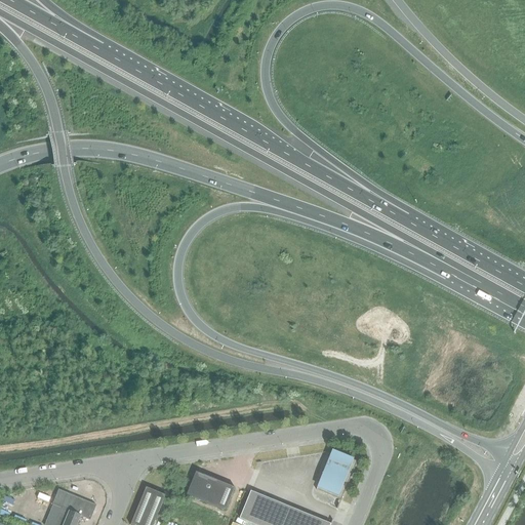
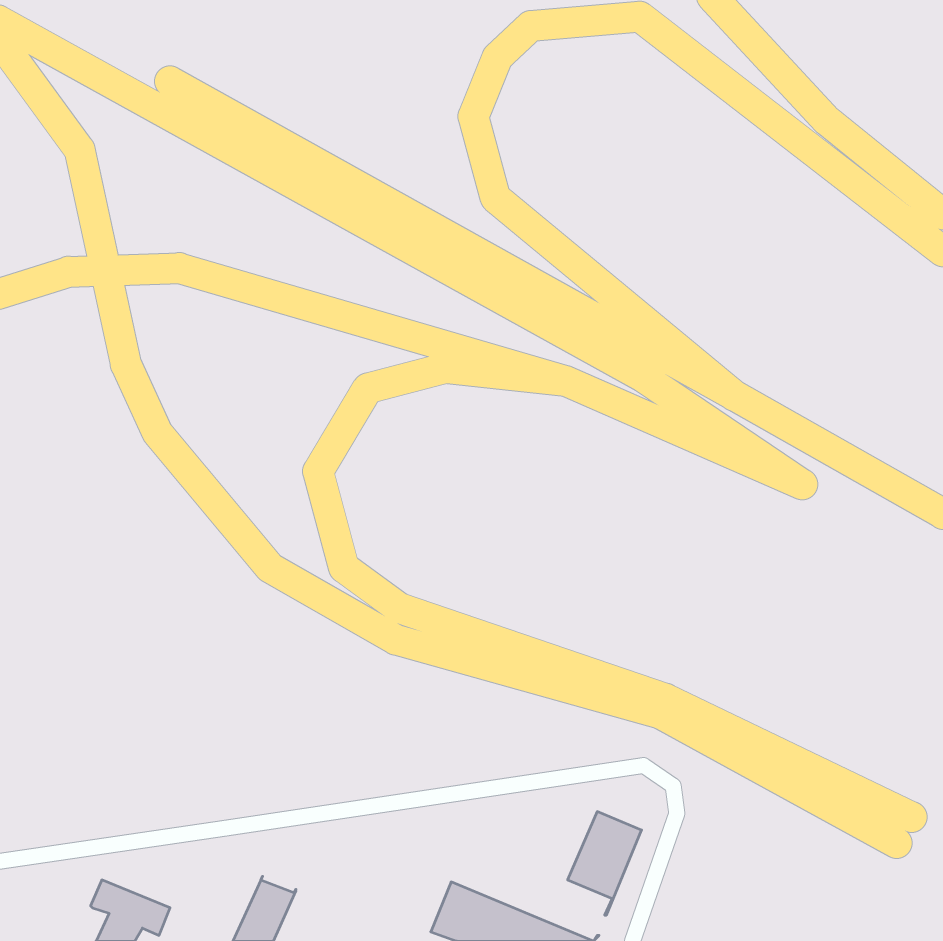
building: [186,471,234,510] -> none

